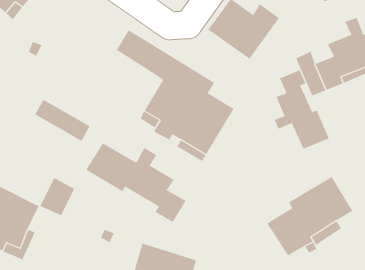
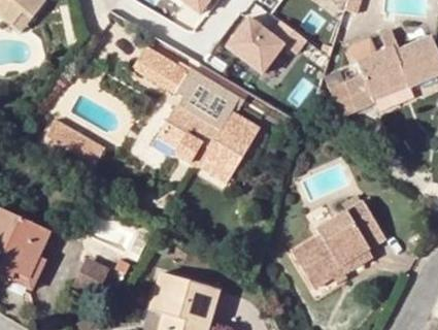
building: [274,69,329,150] -> none
building: [86,142,187,223] -> none
building: [39,177,75,216] -> [70,254,108,295]

